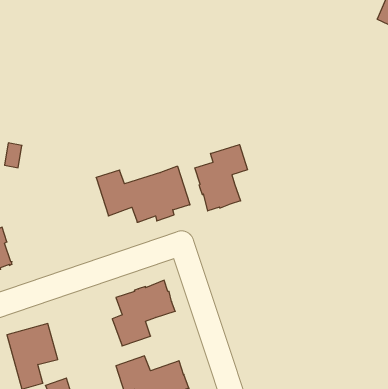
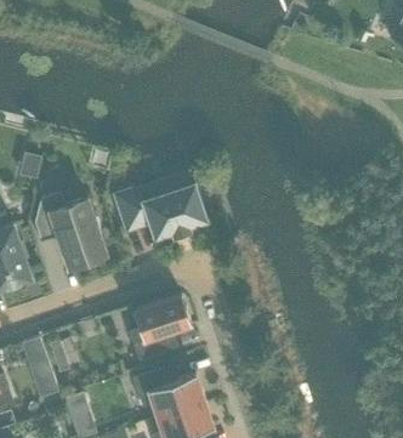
building: [195,145,248,211] -> none
building: none -> [34,193,106,268]

